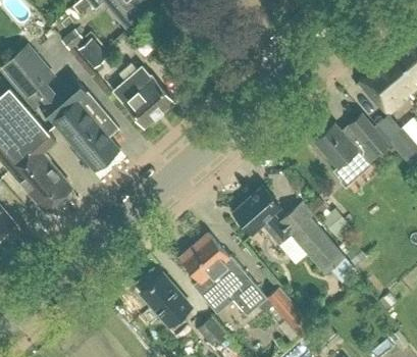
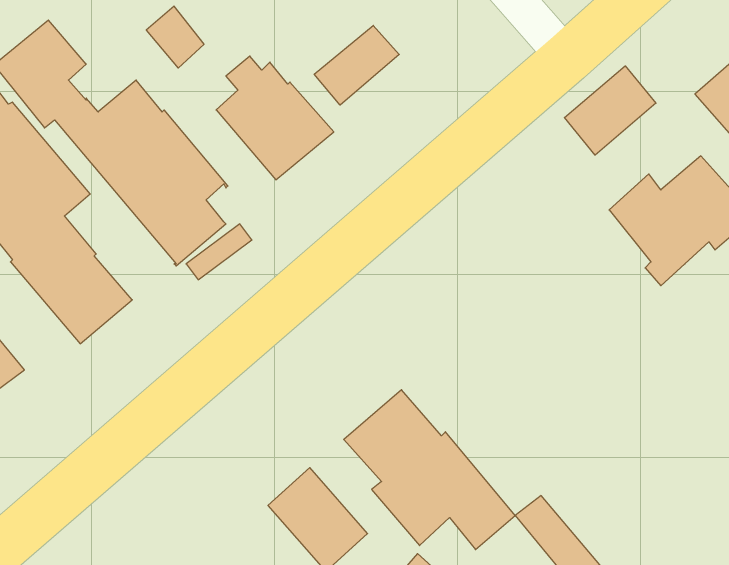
building: none -> [314,25,399,105]
building: none -> [564,66,656,155]
building: [232,187,345,274] -> none

